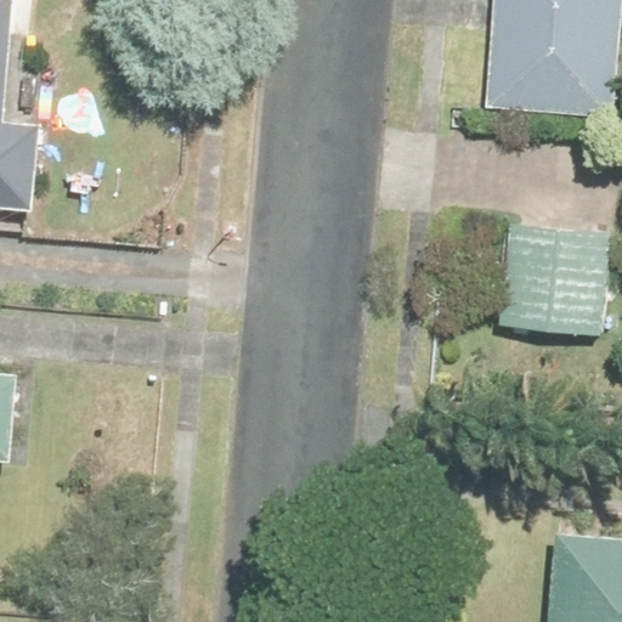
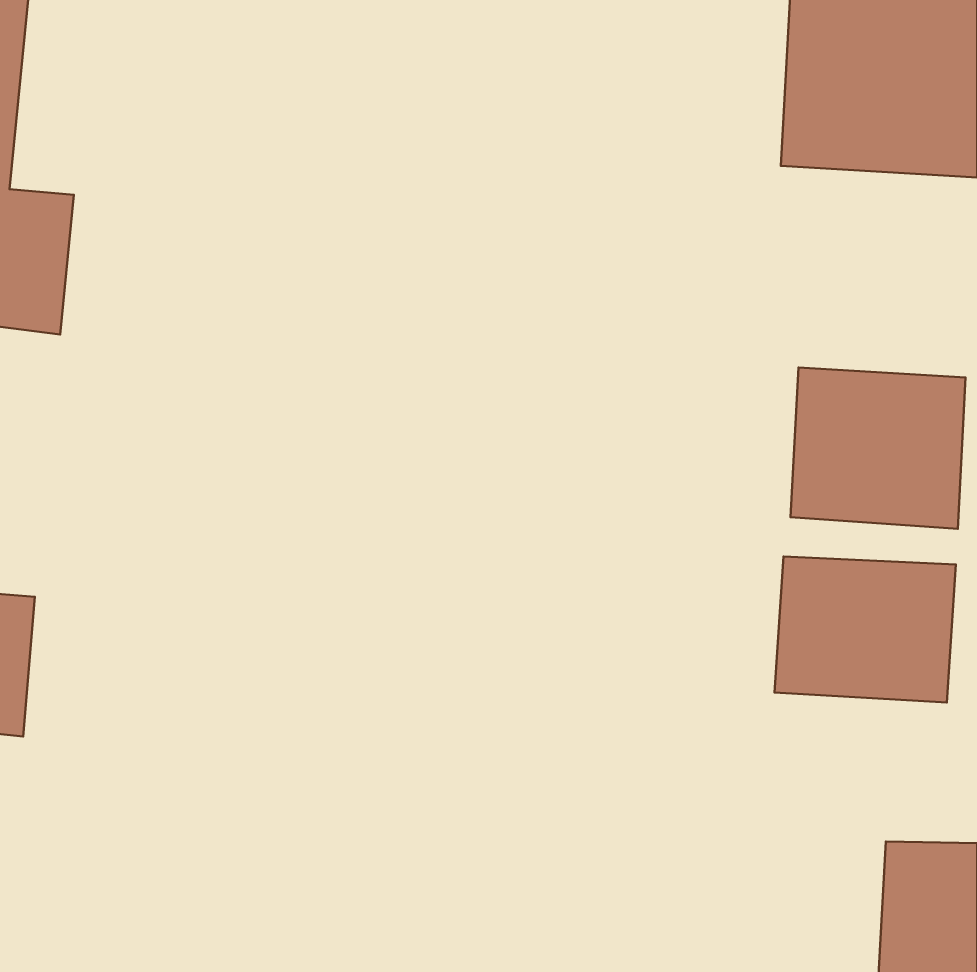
building: none -> [775,556,956,702]

